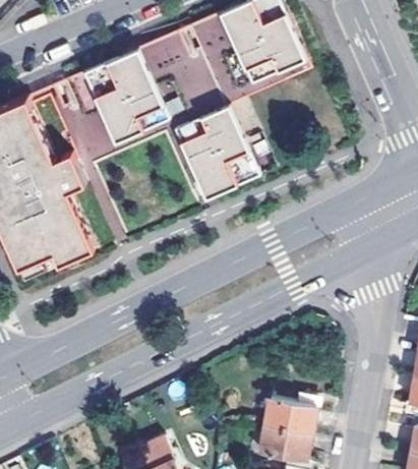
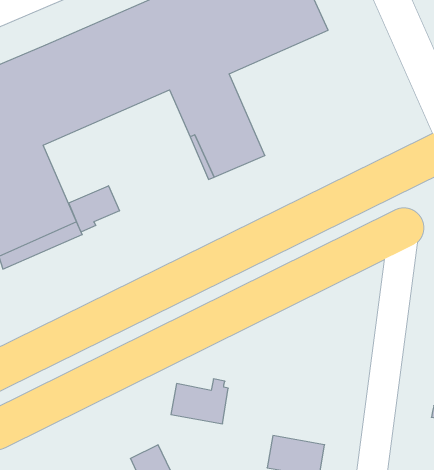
building: none -> [69,186,119,232]
building: [262,396,313,435] -> [171,379,228,424]

